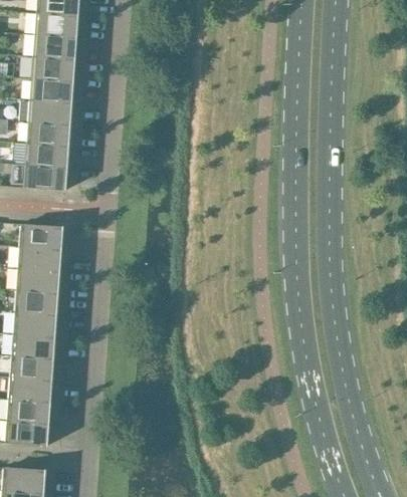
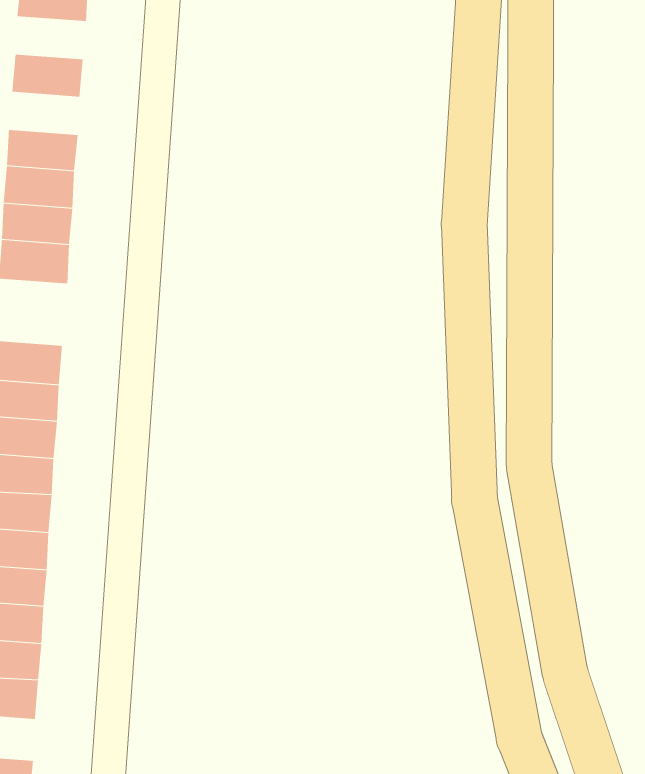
building: [34,33,76,58] -> none
building: [30,77,72,102] -> none

